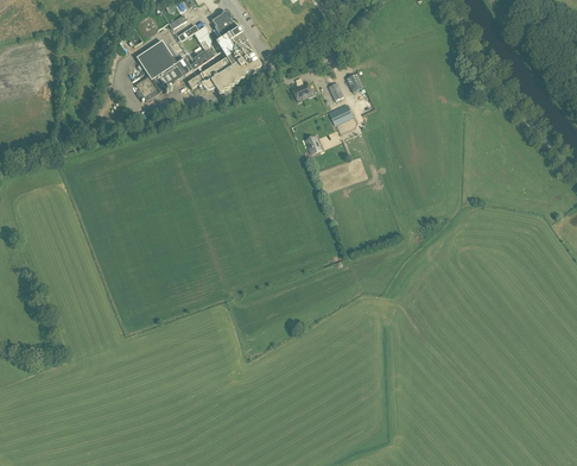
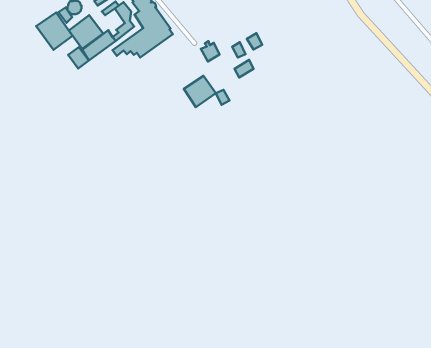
building: none -> [36,13,73,50]
building: none -> [184,76,216,107]

